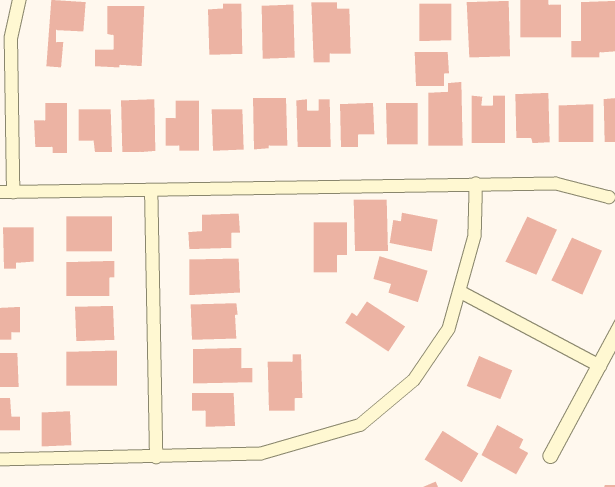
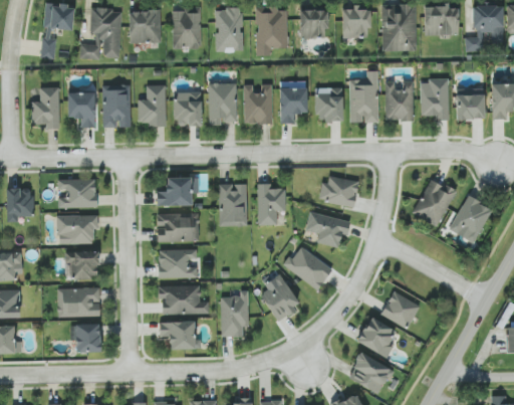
building: none -> [128,9,161,42]
building: [414,52,450,86] -> [299,9,328,37]
building: [353,199,389,251] -> [218,183,247,225]
building: none -> [258,276,300,320]
building: [41,411,72,447] -> [75,323,100,352]
building: [481,424,529,475] -> [356,316,396,357]

